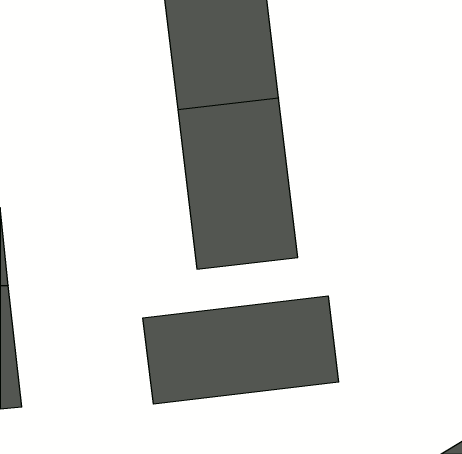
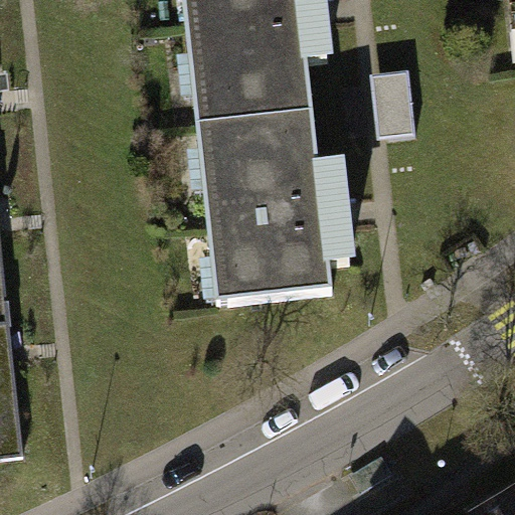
building: [143,296,339,404] -> none

